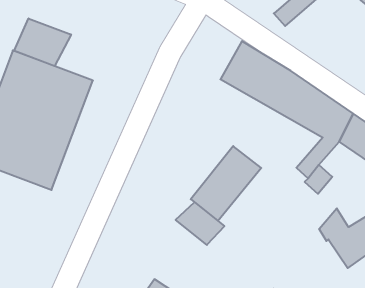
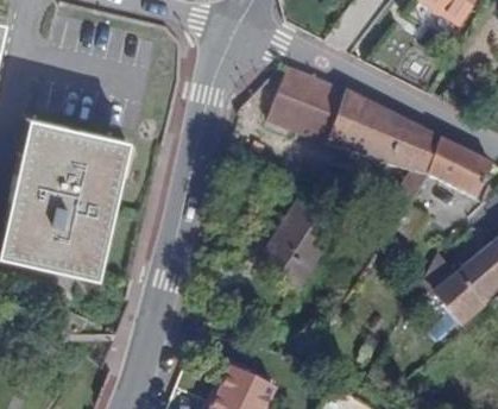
building: [14,18,71,66] -> none
building: [176,202,224,245] -> none

